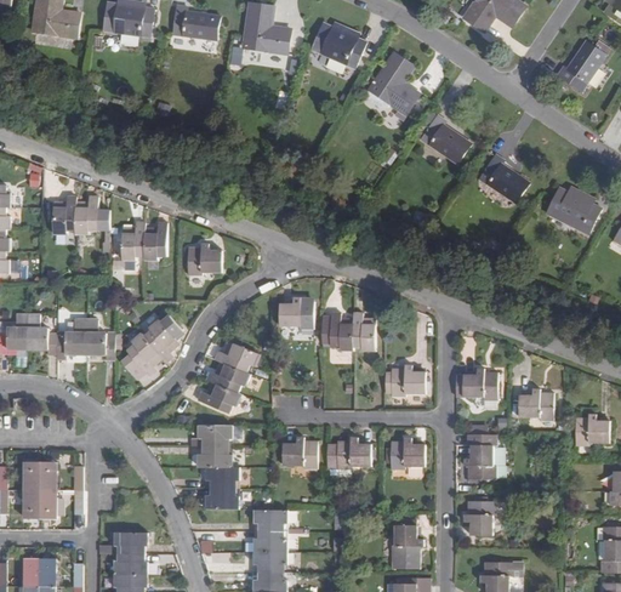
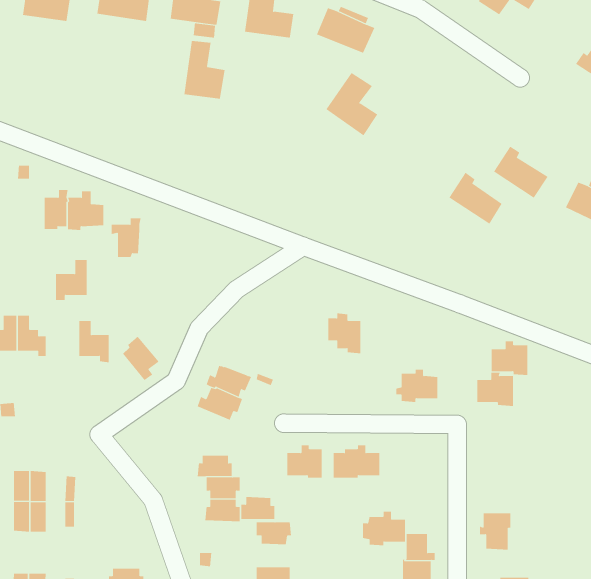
building: [368,53,417,114] -> [325,72,378,136]
building: none -> [184,40,225,100]
building: [418,114,469,164] -> [449,172,503,225]
building: [142,222,166,260] -> none
building: [182,243,221,274] -> none
building: [278,297,313,338] -> none
building: [143,312,182,363] -> none
building: [352,312,374,349] -> none
building: [55,319,85,358] -> [55,259,87,300]
building: [213,340,257,371] -> none
building: [517,388,552,421] -> [491,341,528,376]
building: [198,425,230,446] -> none
building: [463,432,496,482] -> none
building: [383,437,425,469] -> [362,511,406,546]
building: [252,530,285,552] -> [240,496,275,520]
building: [113,531,147,553] -> none

